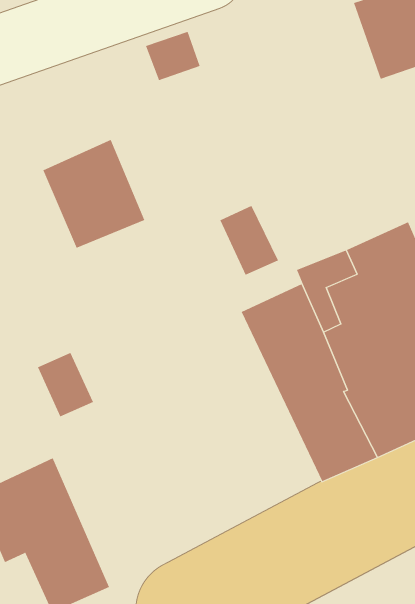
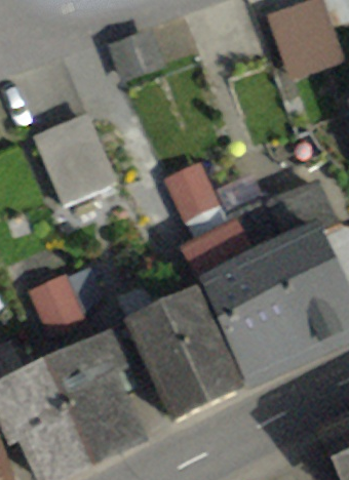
building: none -> [120,284,235,419]
building: none -> [45,334,133,461]

